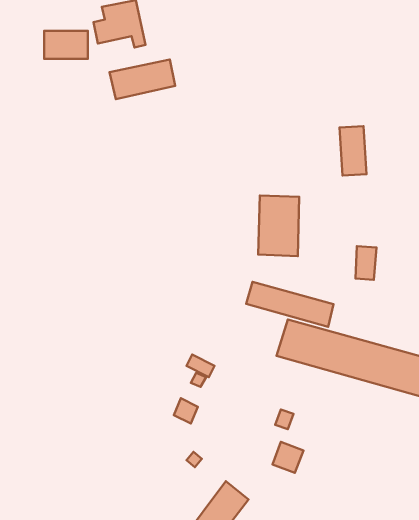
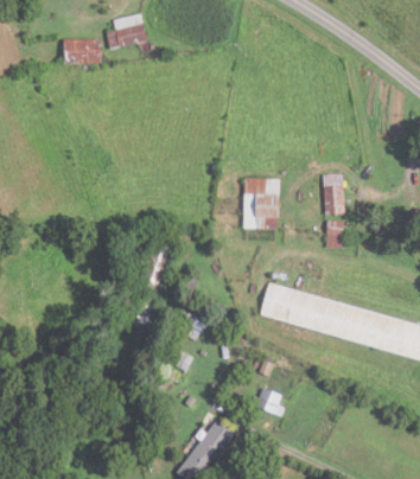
building: [109,60,175,99] -> none
building: [340,126,366,175] -> [322,173,344,215]
building: [246,282,333,327] -> none

